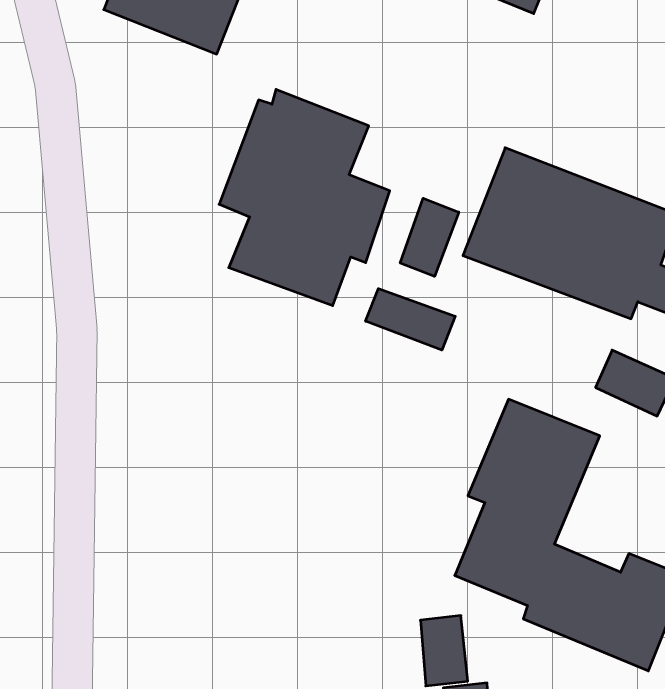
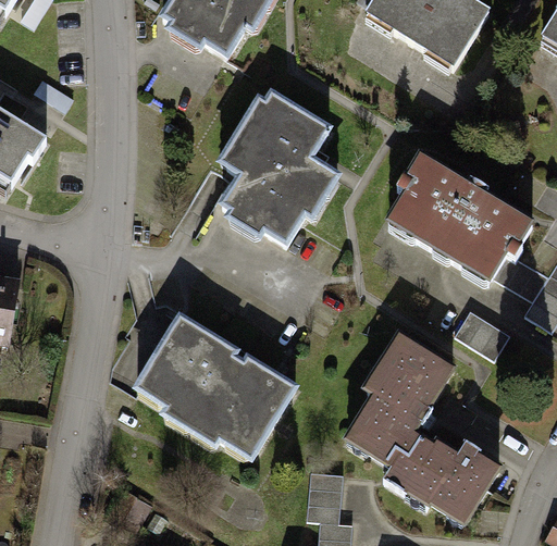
building: [400,198,459,276] -> none
building: [366,289,455,350] -> none
building: none -> [137,315,297,460]

